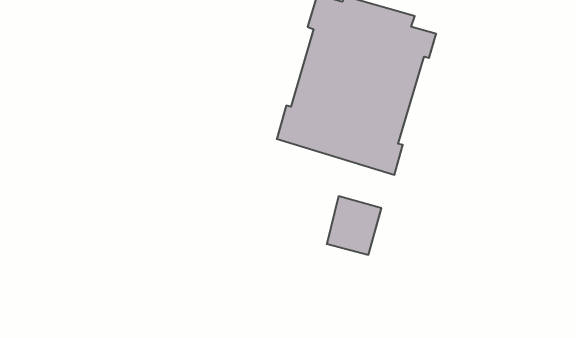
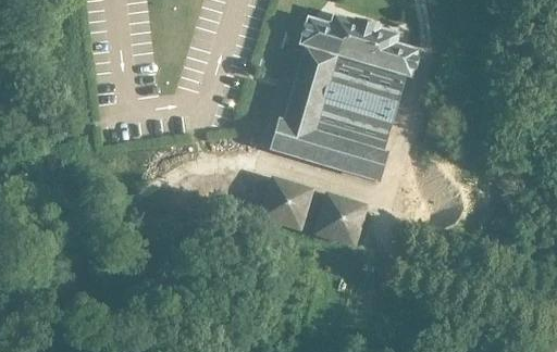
building: none -> [265,184,315,237]

